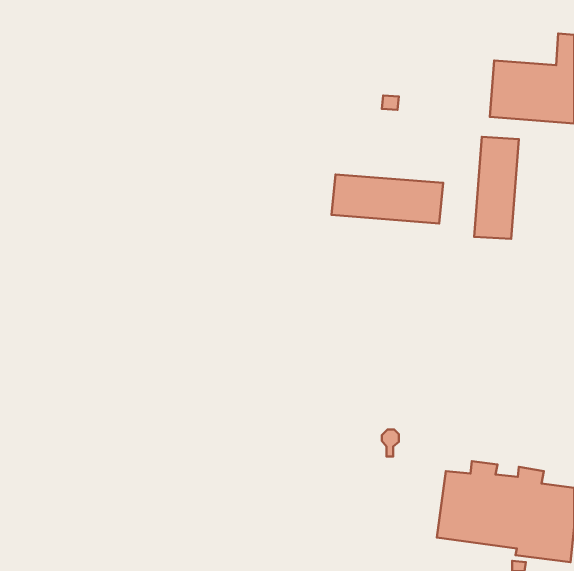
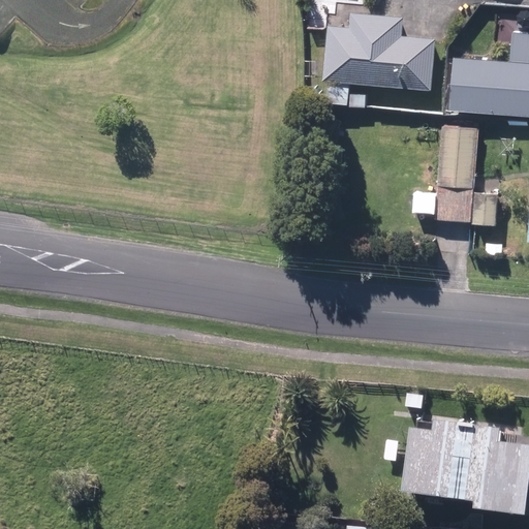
building: none -> [323,12,436,103]
building: [332,174,443,223] -> none

